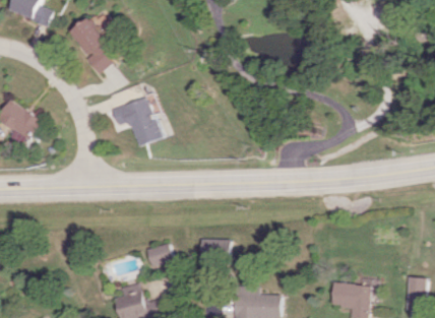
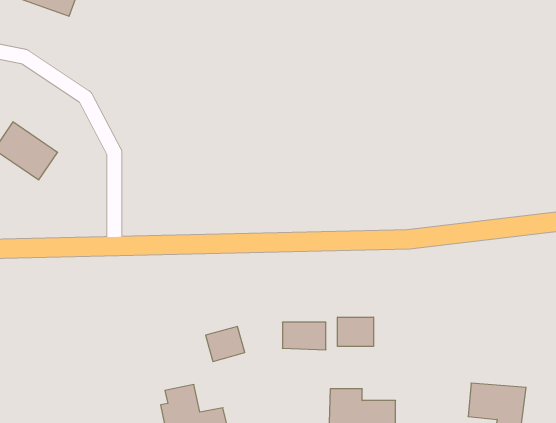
building: [70,18,113,73] -> none
building: [111,97,161,146] -> none
building: none -> [337,317,373,346]

